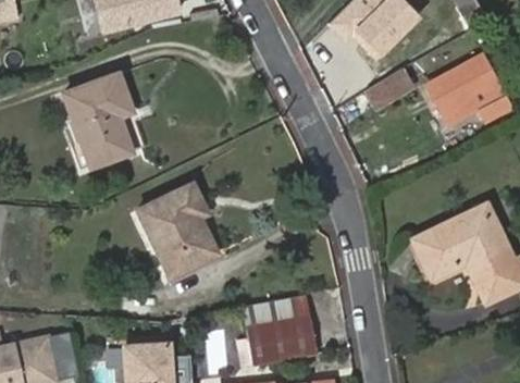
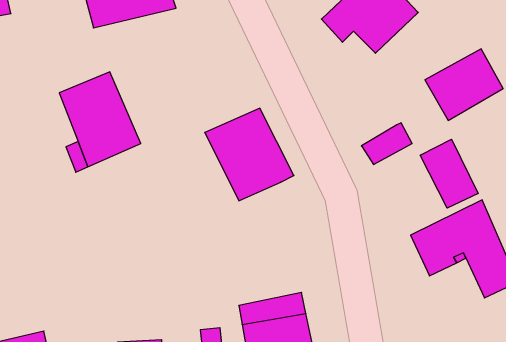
building: [364,70,414,111] -> [361,123,412,165]
building: none -> [420,139,478,208]
building: [135,186,223,277] -> [205,108,294,201]

